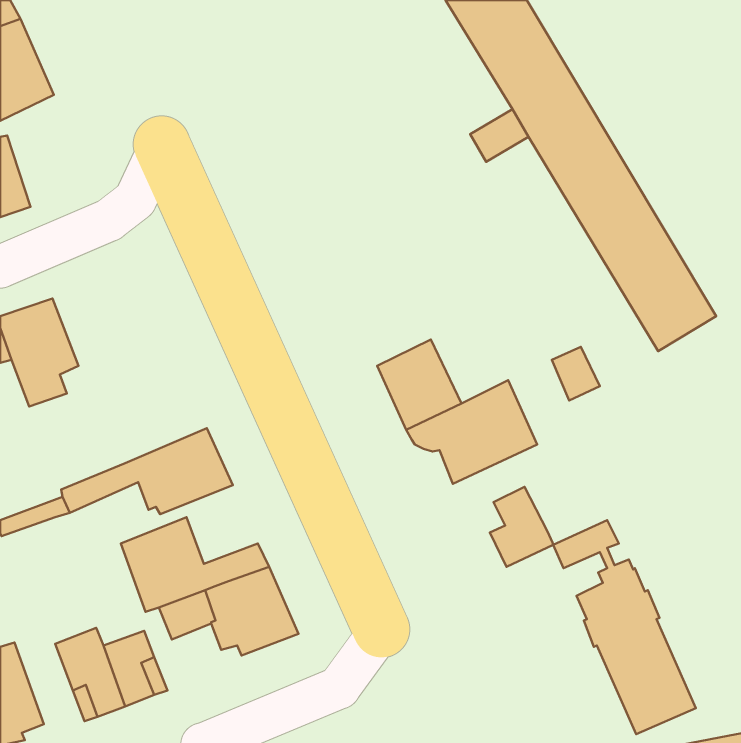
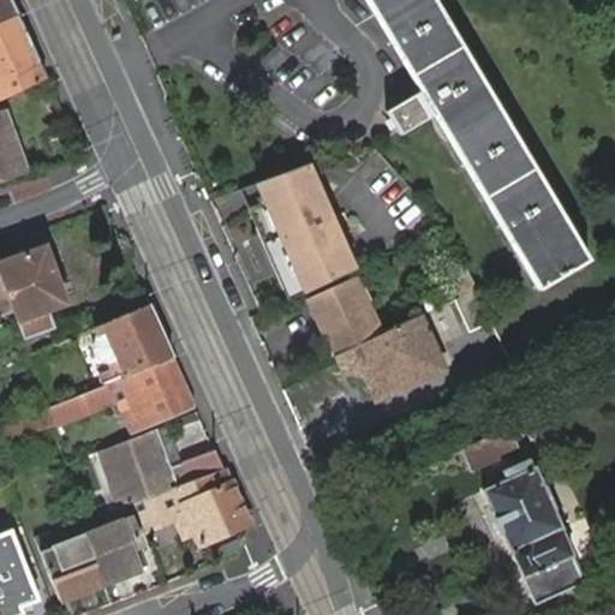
building: none -> [243,165,357,301]
building: none -> [97,303,173,383]
building: [490,487,553,567] -> none

